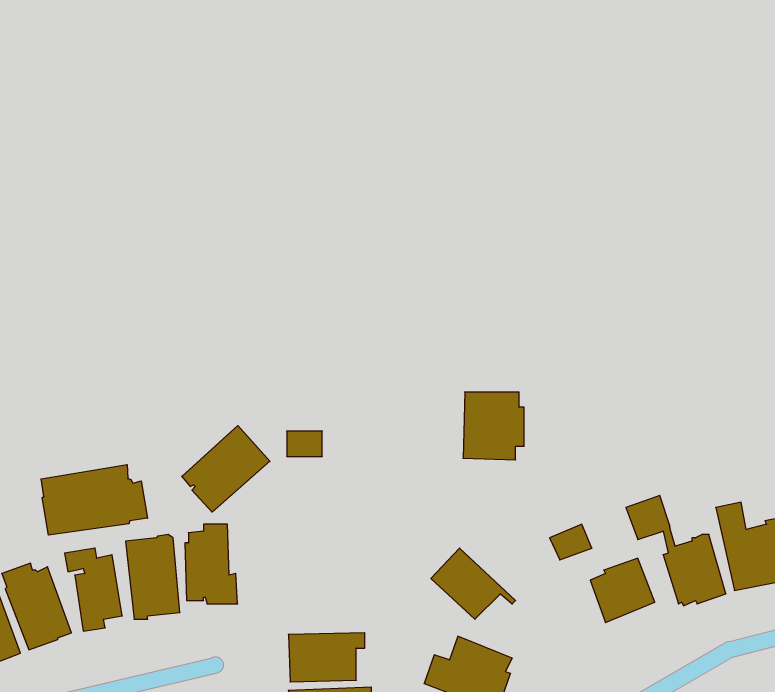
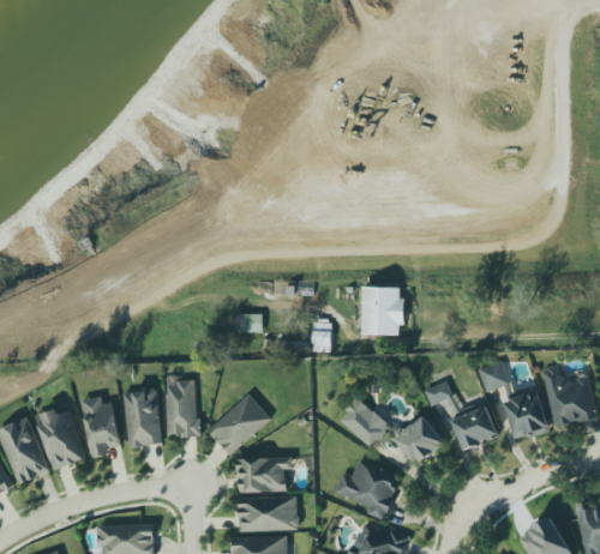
building: [182,426,270,512] -> [208,395,270,456]
building: none -> [312,323,331,353]
building: [41,465,148,535] -> none
building: none -> [397,414,444,462]

